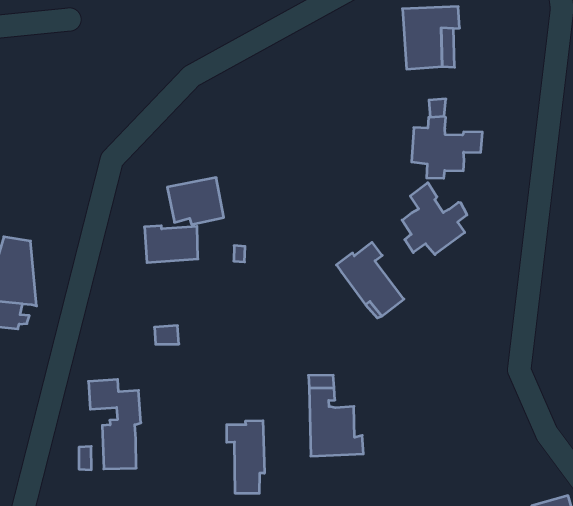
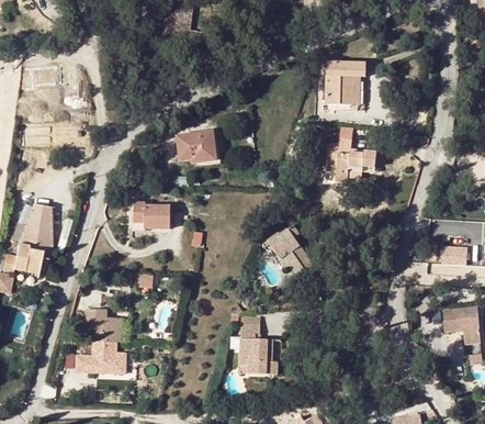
building: [167,178,224,224] -> [177,131,215,163]
building: [402,183,467,255] -> none
building: [227,421,264,493] -> none

